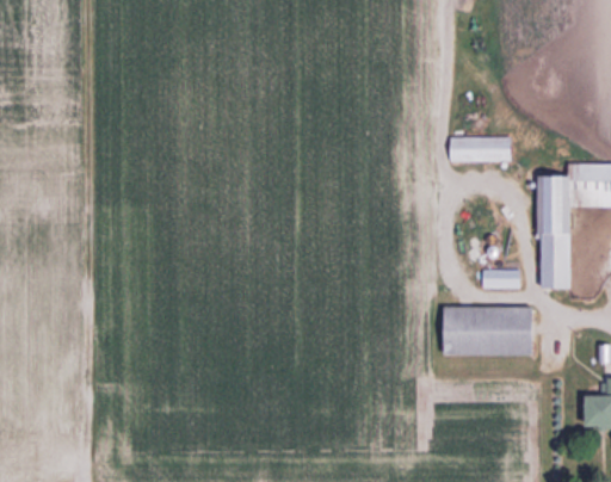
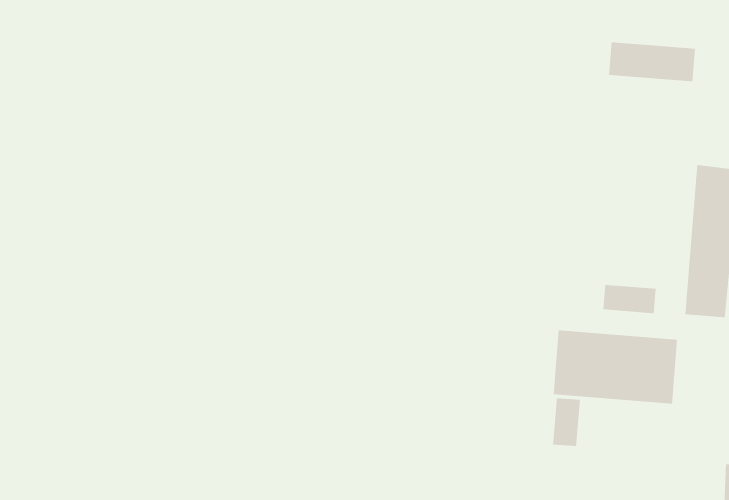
building: [448,136,512,161] -> [608,42,696,82]
building: none -> [553,397,580,447]

